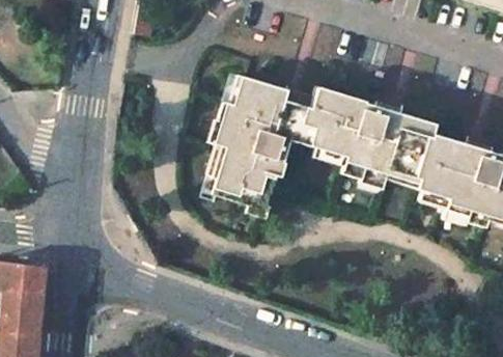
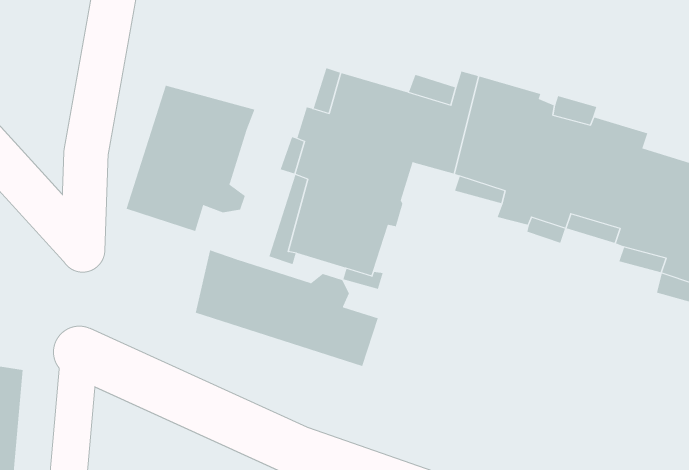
building: none -> [126,85,255,232]
building: none -> [195,250,379,367]

